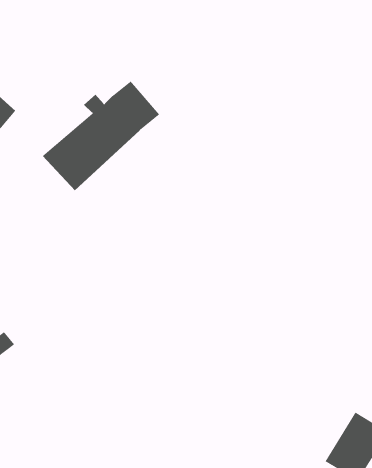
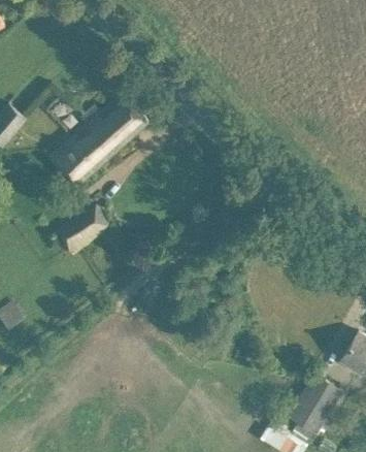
building: none -> [59,205,109,254]

